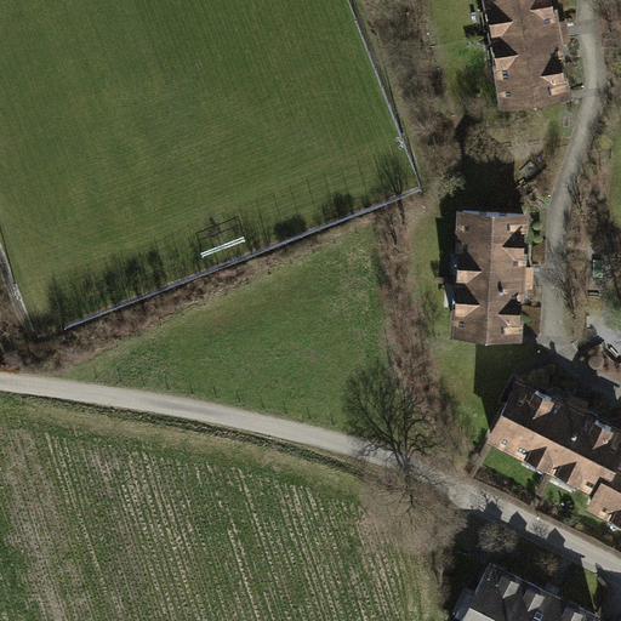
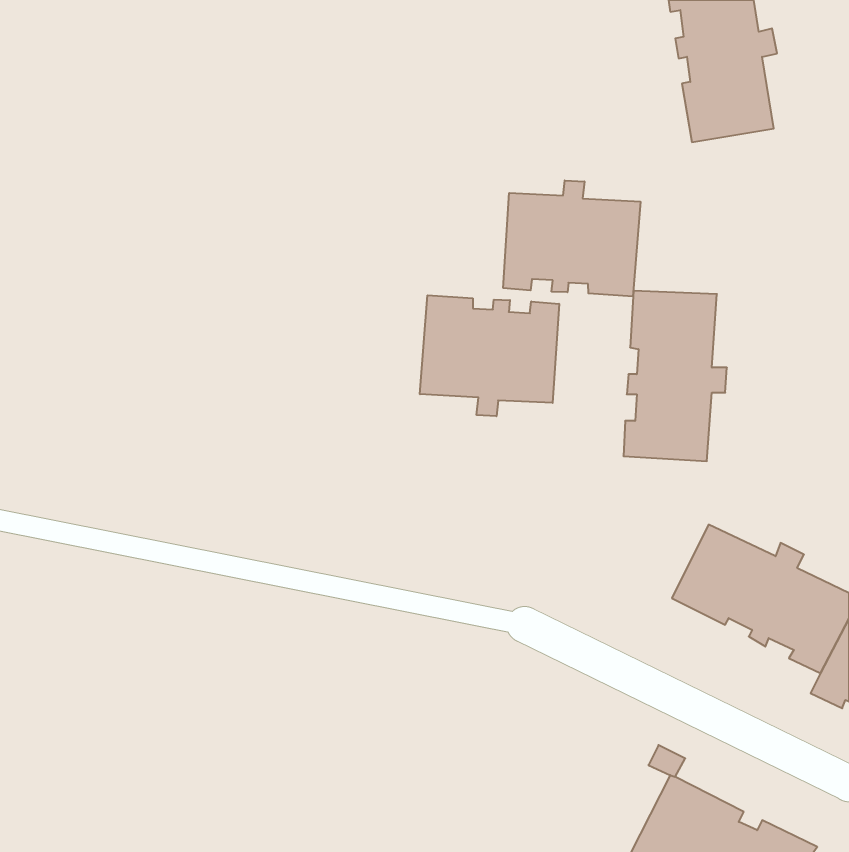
building: none -> [503,180,640,297]
building: none -> [420,295,559,416]

